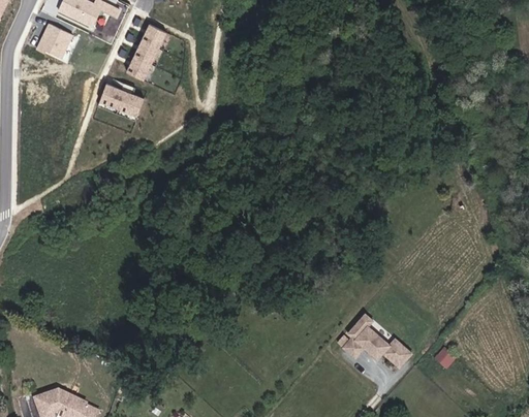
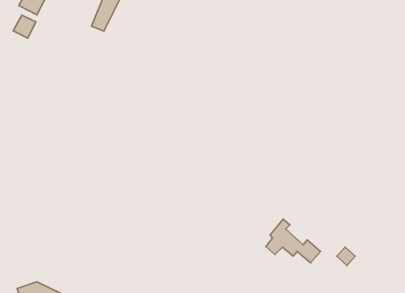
building: none -> [13,15,36,38]
building: [98,83,142,117] -> none

